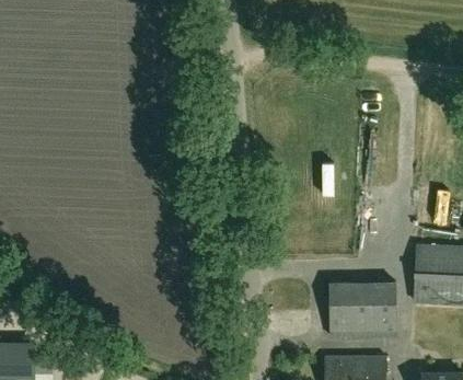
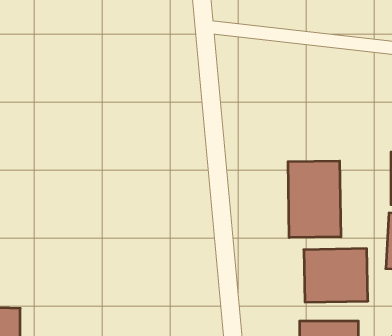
building: none -> [288,161,341,238]

